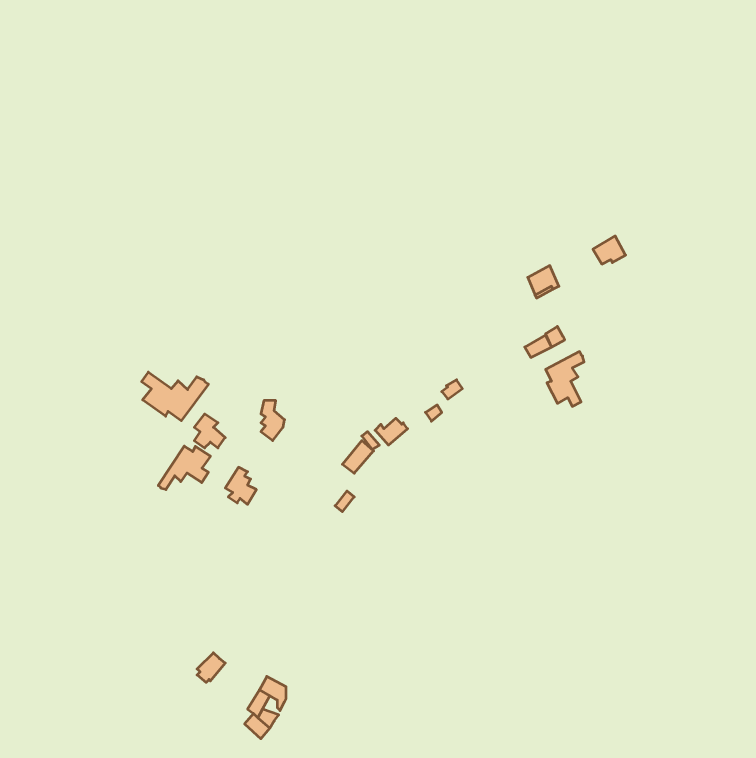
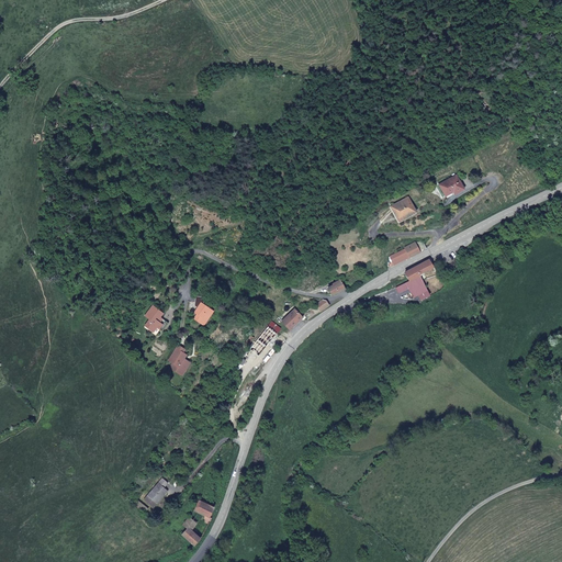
building: [142,372,208,421] -> none
building: [158,446,210,490] -> none

